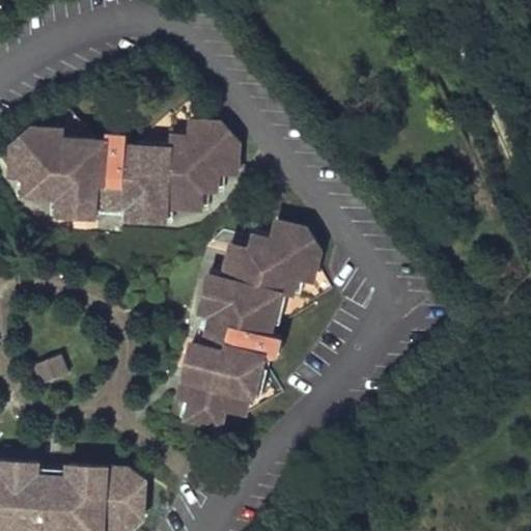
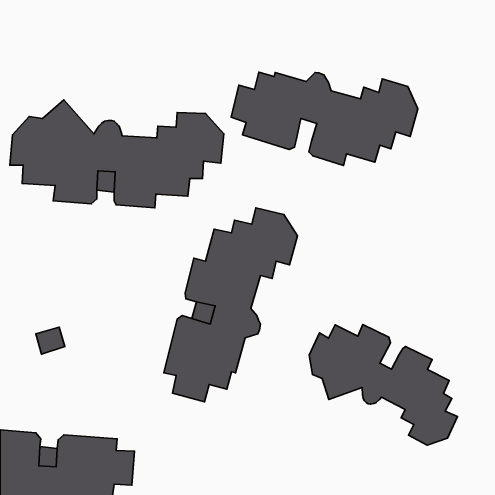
building: none -> [231,72,418,165]
building: none -> [309,325,458,445]

